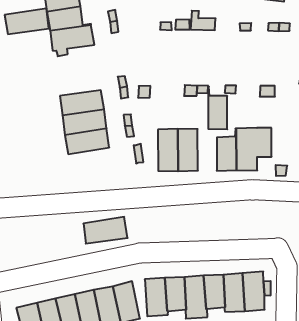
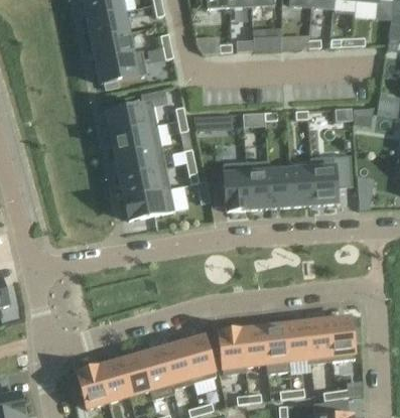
building: [5,8,49,34] -> [106,102,156,133]
building: [208,87,227,129] -> [267,160,291,207]
building: [83,217,128,244] -> [124,187,174,220]

